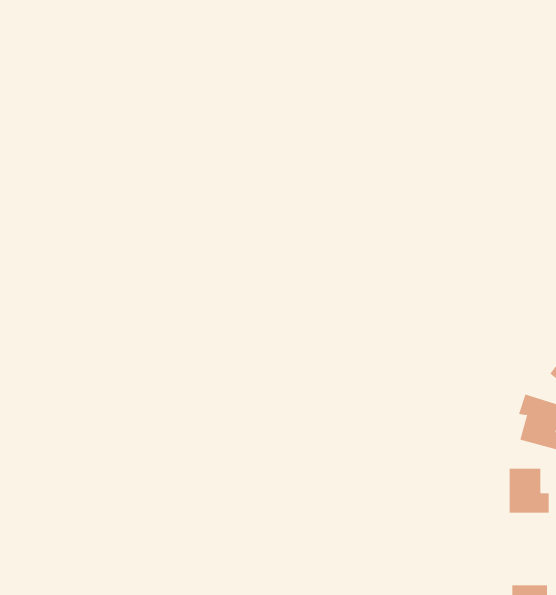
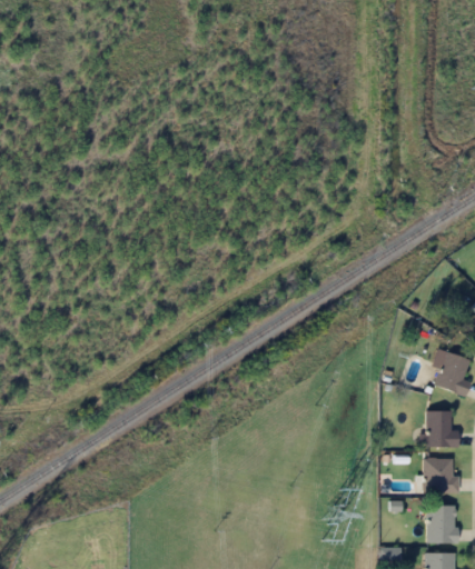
building: none -> [424,459,458,493]

